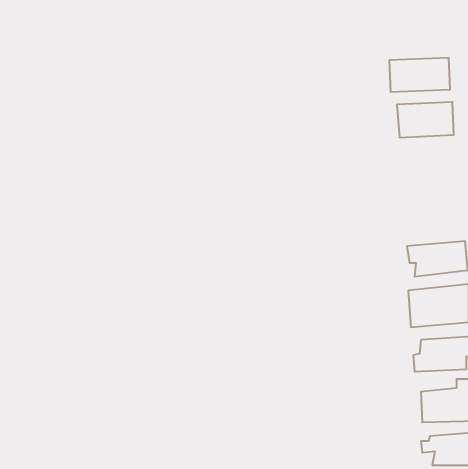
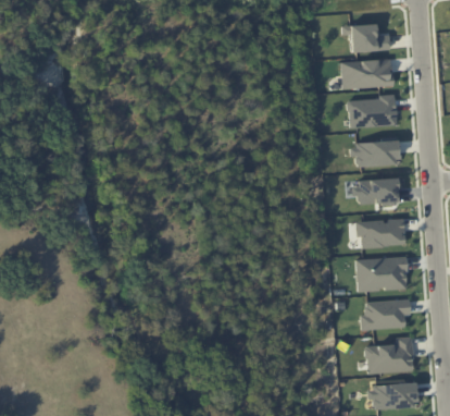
building: none -> [341,24,389,52]
building: none -> [349,139,399,168]
building: none -> [354,178,400,205]

